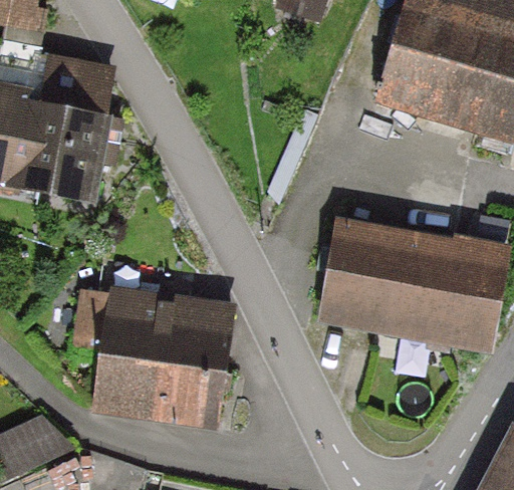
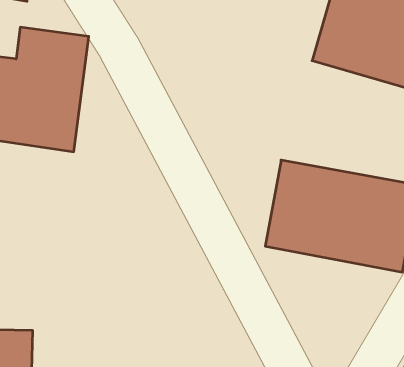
building: [79,297,231,427] -> none

